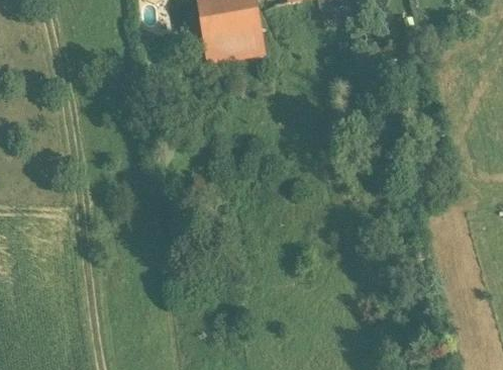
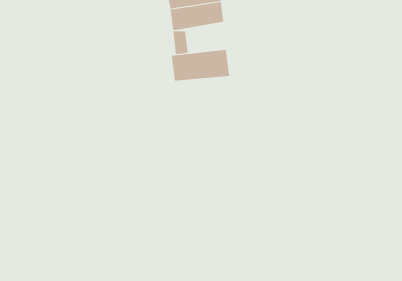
building: none -> [171,49,230,82]

